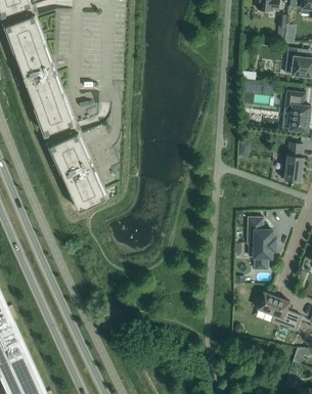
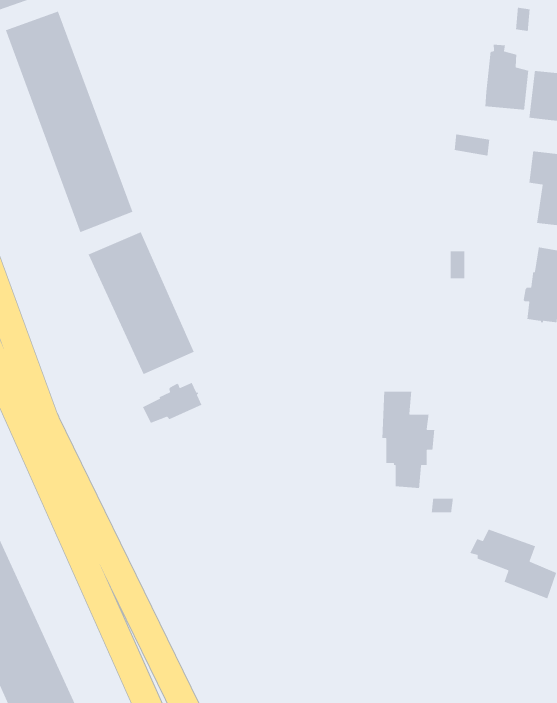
building: none -> [484,44,529,110]
building: none -> [142,382,203,424]
building: [247,218,275,270] -> [382,391,435,489]

